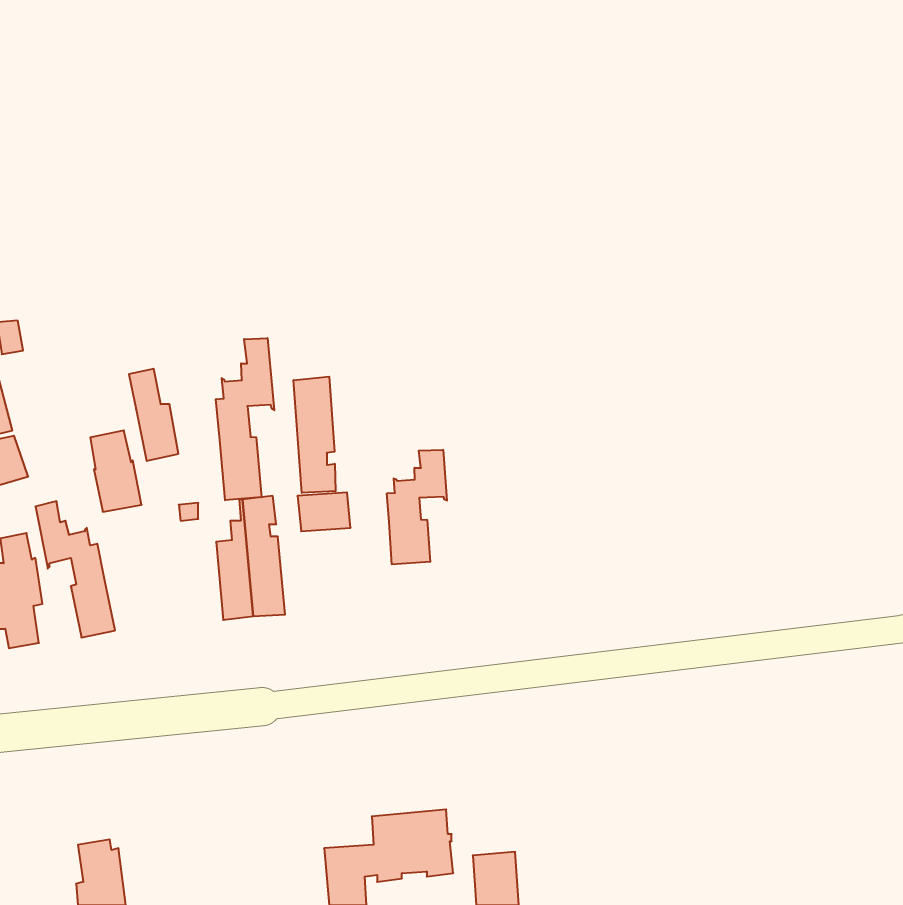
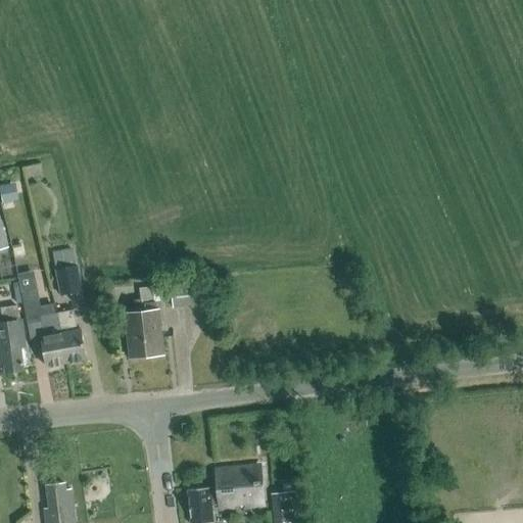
building: [216,338,274,500] -> none
building: [129,369,178,461] -> [56,311,85,364]
building: [294,377,336,493] -> none
building: [387,450,447,564] -> none

